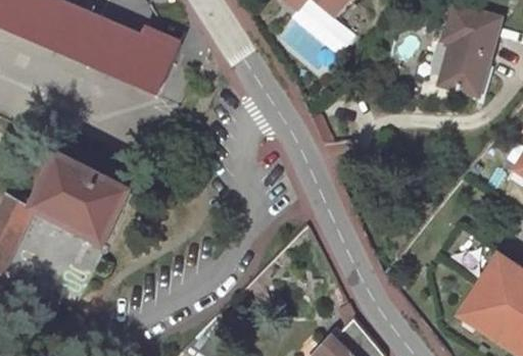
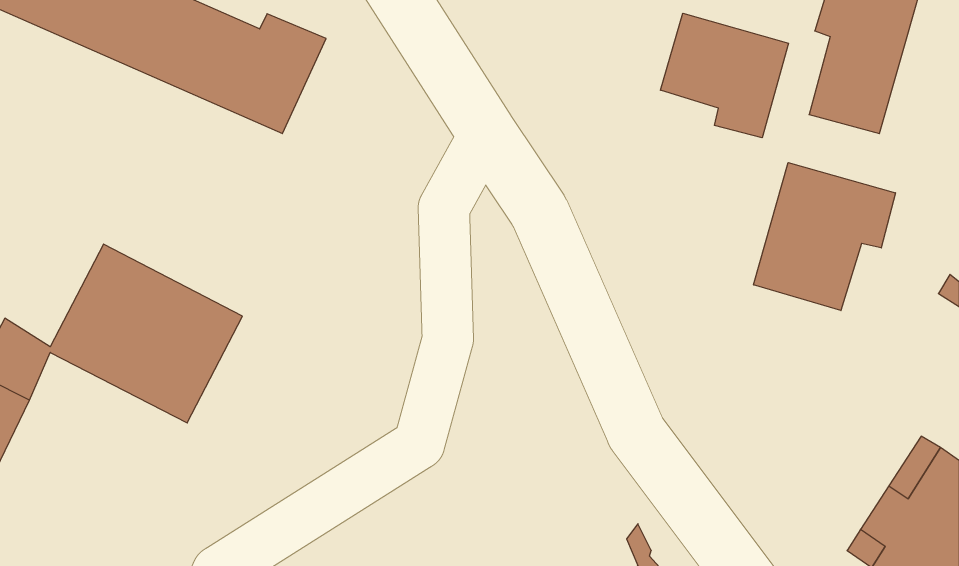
building: none -> [660,13,789,138]
building: none -> [754,163,895,311]

